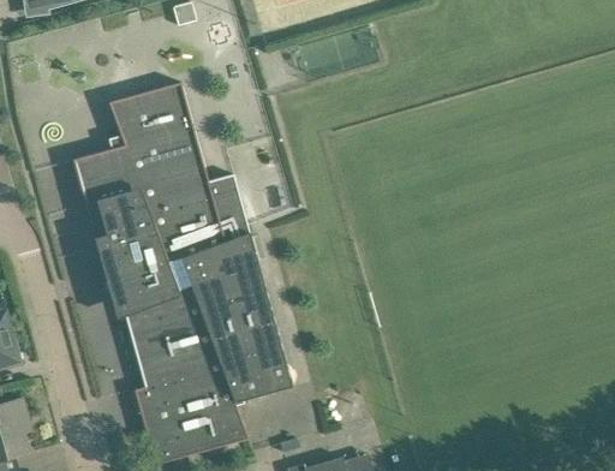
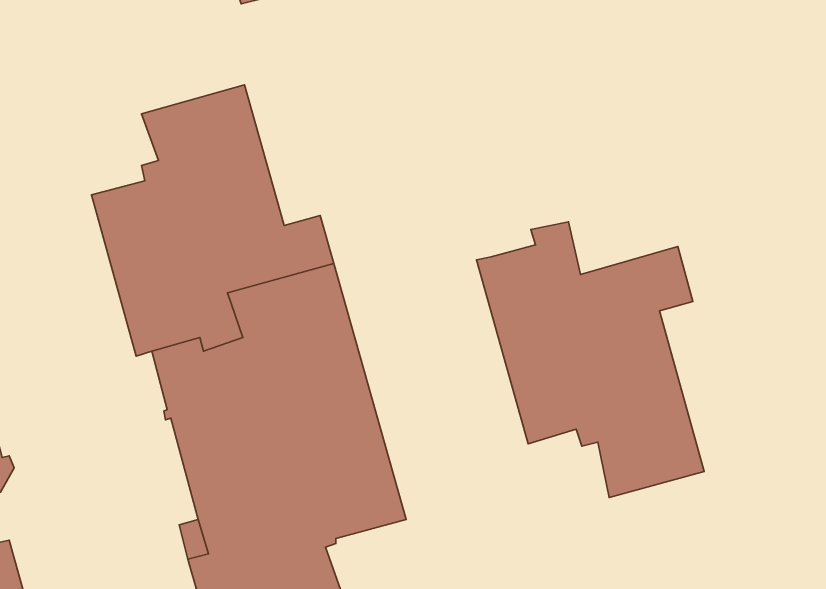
building: none -> [477,222,704,497]

